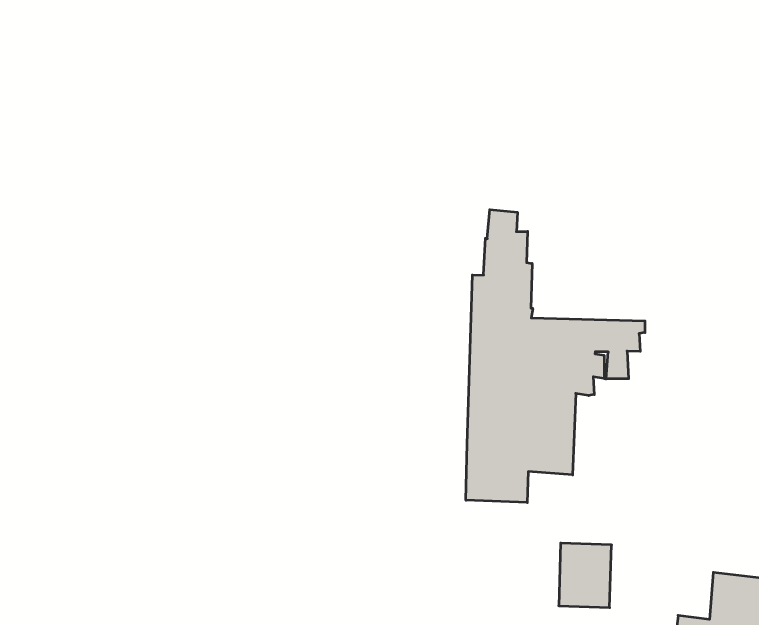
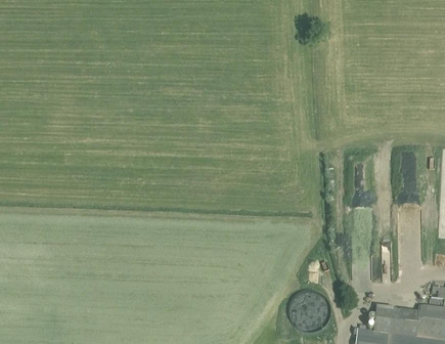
building: [466,210,645,503] -> none

